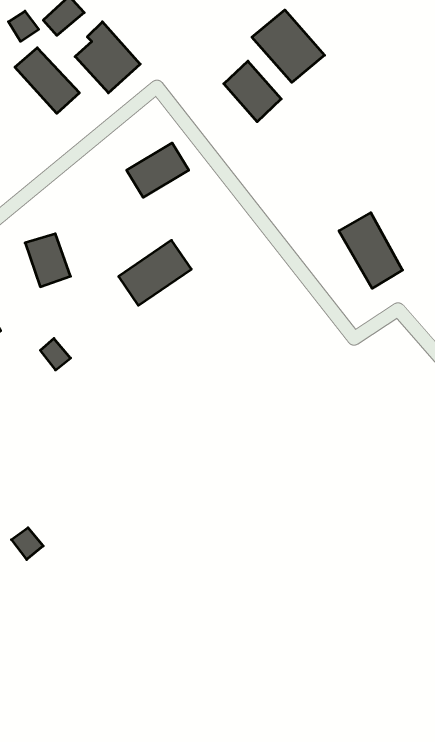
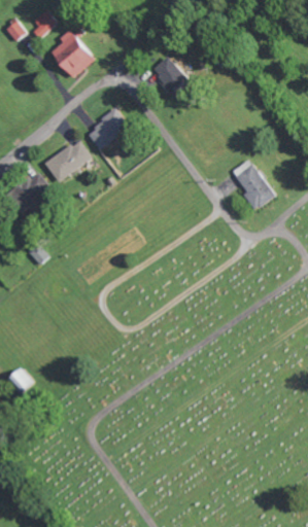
building: [252,10,325,82] -> none
building: [15,48,79,113] -> none
building: [119,240,191,305] -> [42,139,92,183]

